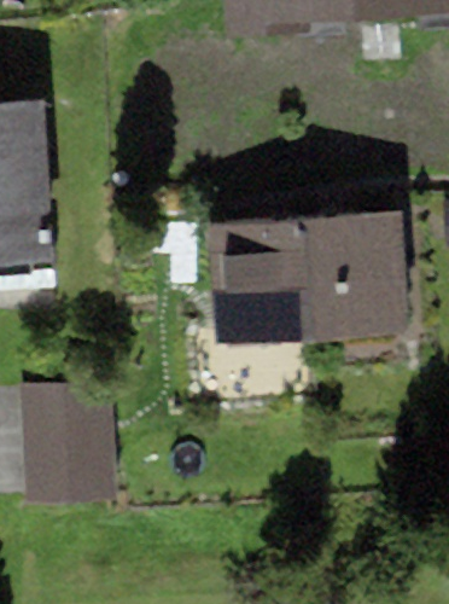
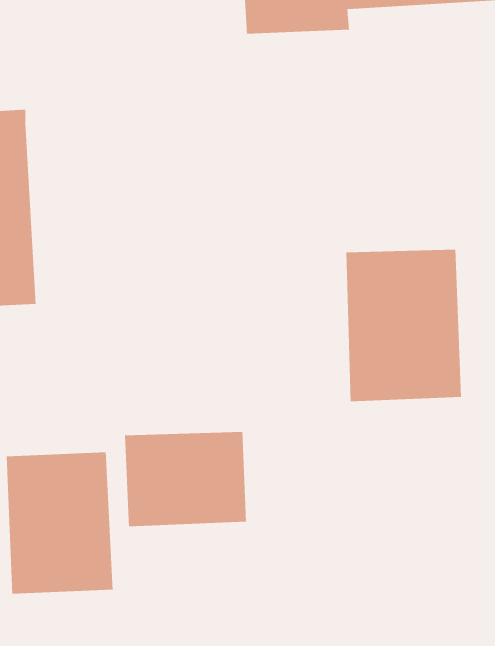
building: [209,216,313,344] -> none
building: none -> [124,431,247,527]

